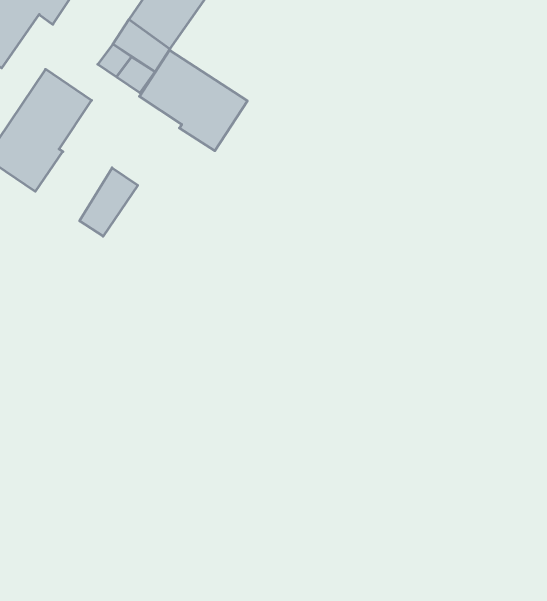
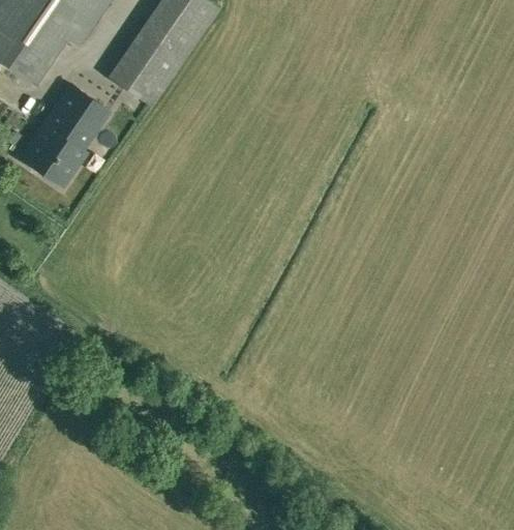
building: [139,50,247,151] -> none
building: [80,168,138,236] -> none

